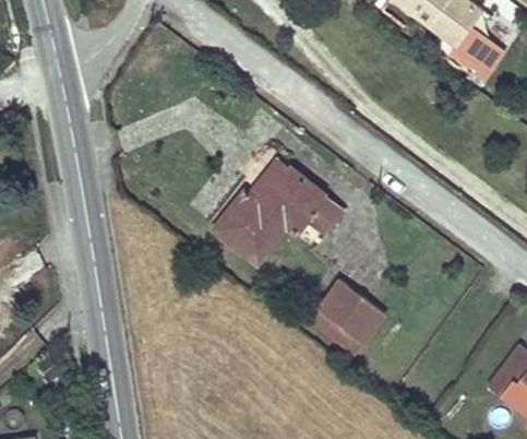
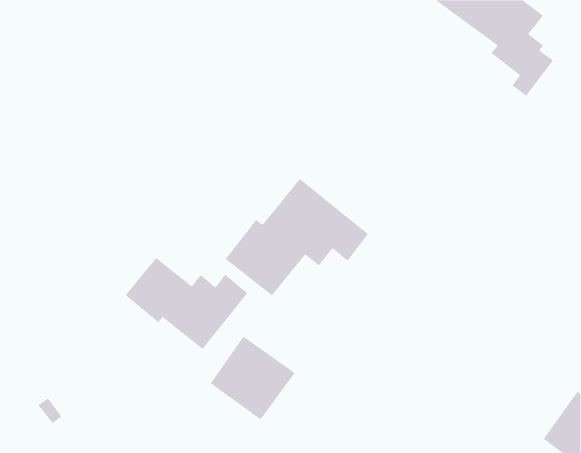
building: none -> [125,257,248,350]
building: [308,278,383,353] -> [210,336,295,420]

